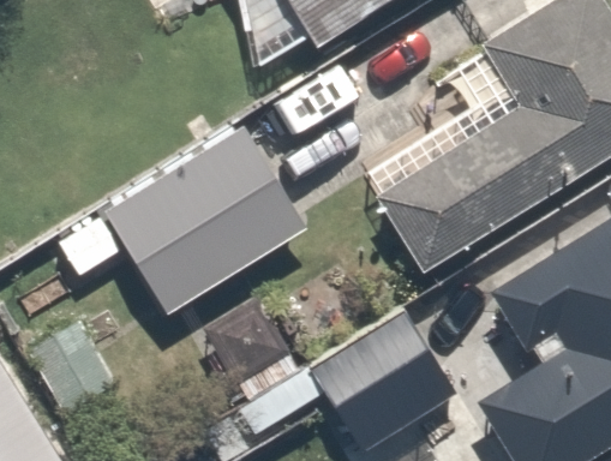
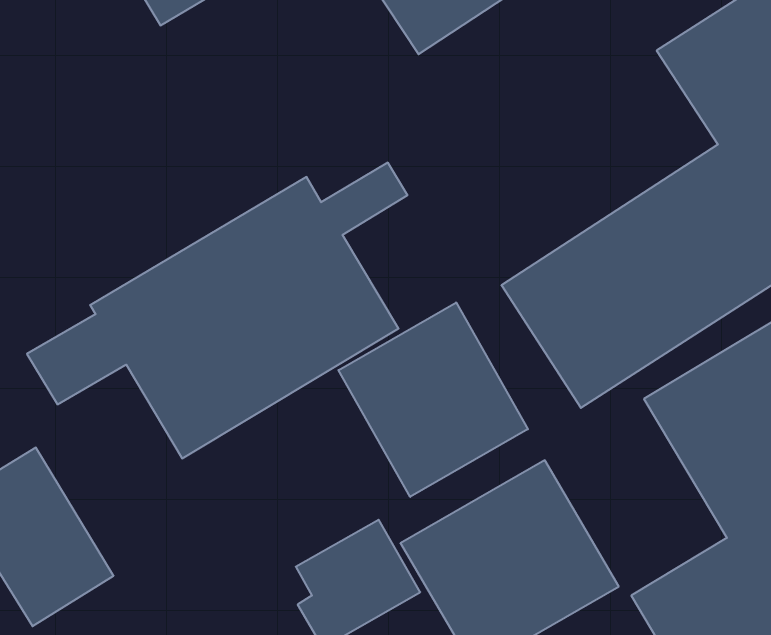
building: none -> [338,302,528,497]

